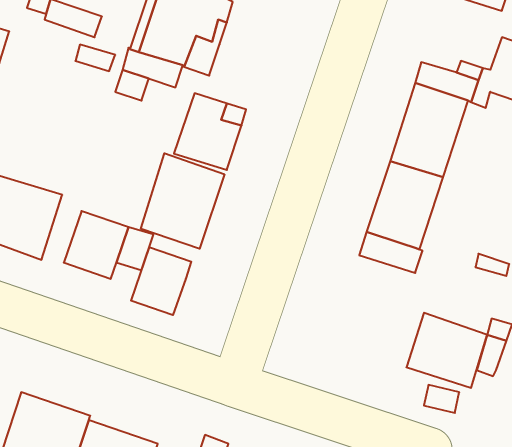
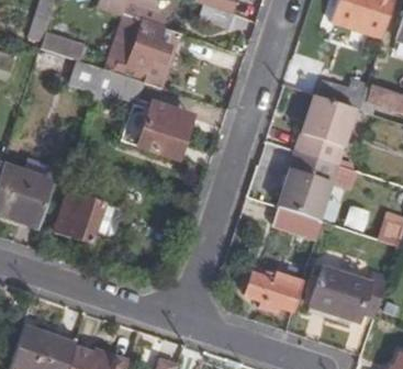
building: [141,153,224,249] -> none
building: [131,247,191,315] -> none
building: none -> [249,266,303,312]

